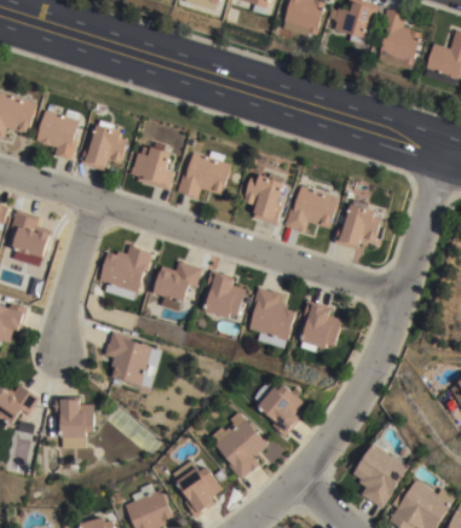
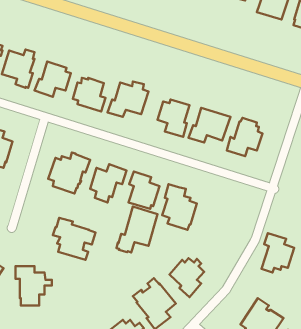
building: [300,300,344,352] -> [262,233,294,272]
building: none -> [116,206,158,253]

